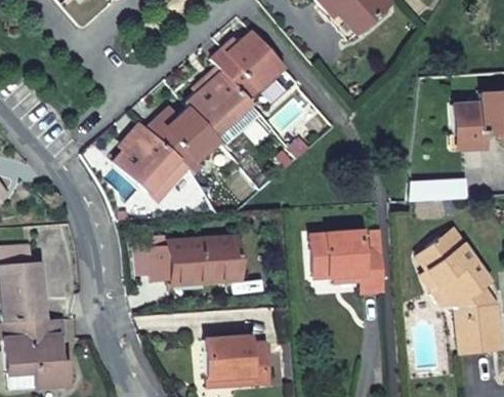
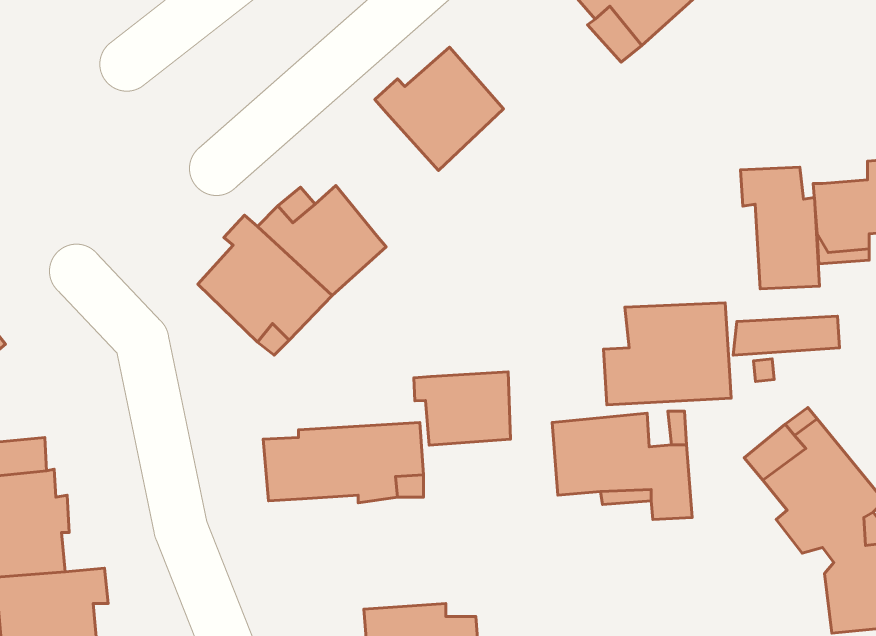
building: [186,67,249,134] -> none
building: none -> [740,167,820,289]
building: none -> [604,303,731,405]
building: none -> [414,372,511,445]

